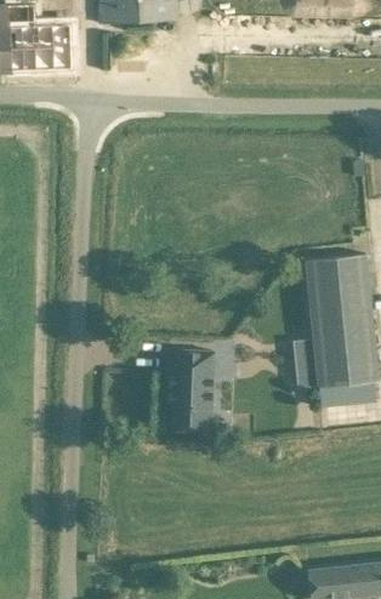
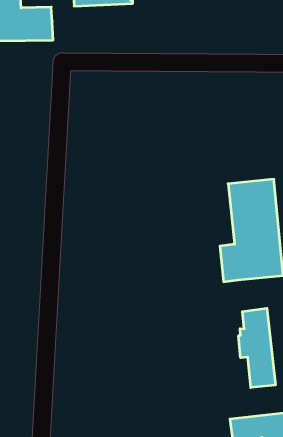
building: [165,350,214,430] -> none
building: none -> [239,308,275,388]

